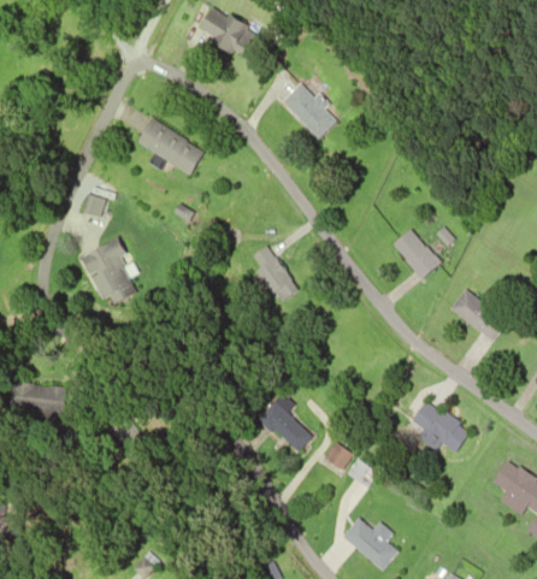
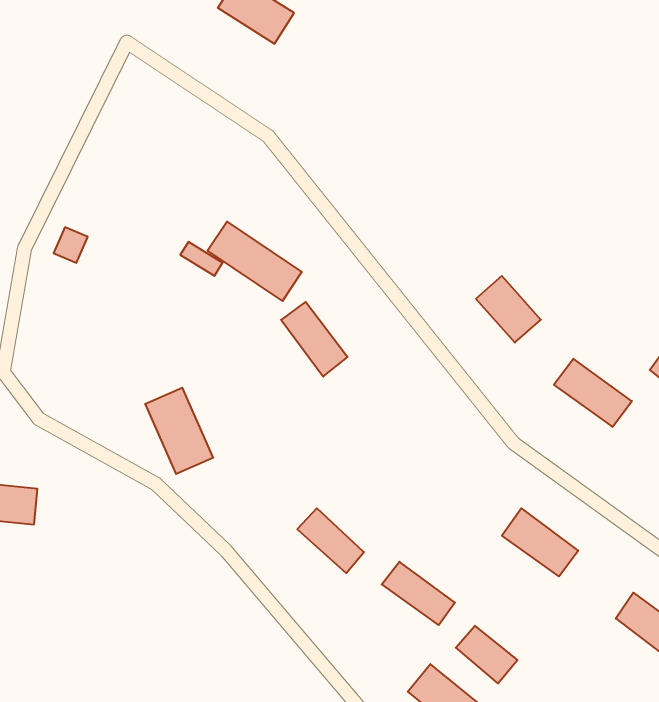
building: [283,83,337,137] -> none
building: [135,117,205,176] -> [208,222,302,301]
building: [85,240,136,303] -> [145,388,213,474]
building: none -> [456,626,517,683]

